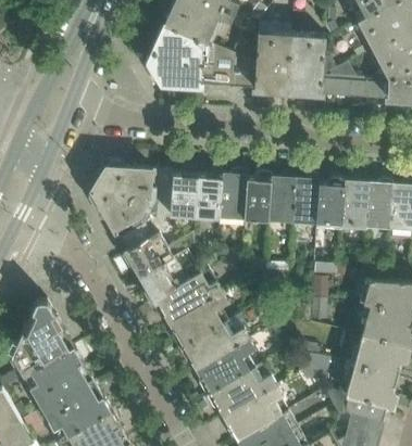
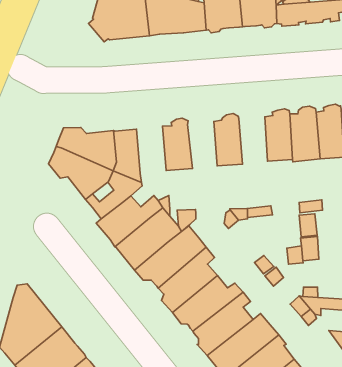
building: [171,169,199,217] -> none
building: [221,171,248,220] -> none
building: [269,175,297,224] -> none

